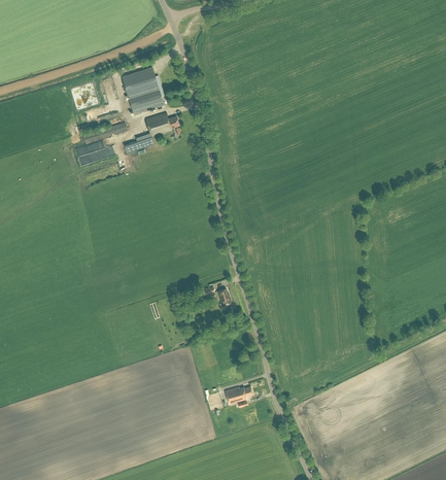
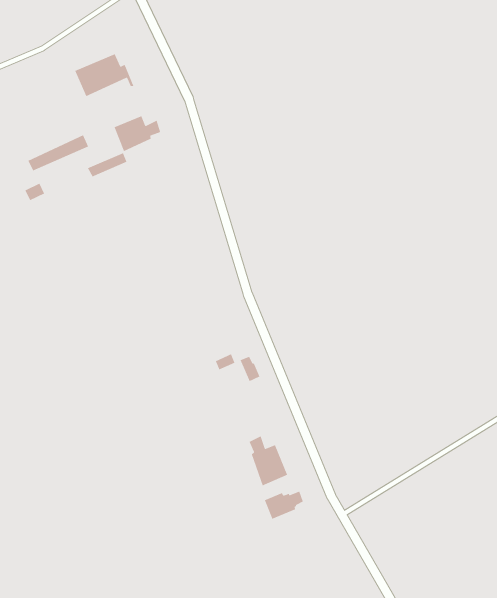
building: [128,84,164,113] -> none
building: none -> [248,435,288,486]

